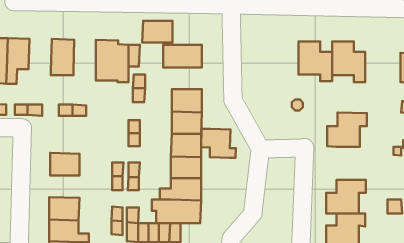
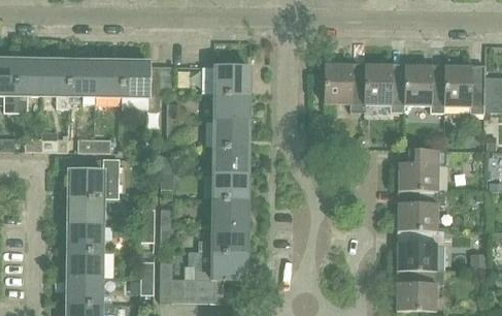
building: [142,21,173,43] -> [212,94,248,120]
building: none -> [41,60,69,107]
building: none -> [95,61,122,98]
building: none -> [324,62,364,109]
building: none -> [443,64,484,113]
building: none -> [67,157,120,197]
building: [201,129,236,158] -> none
building: none -> [397,189,444,228]
building: none -> [66,223,102,250]

